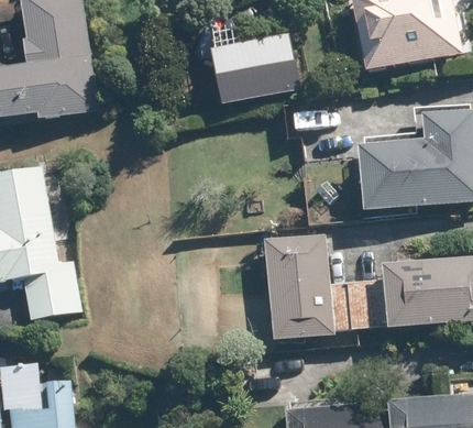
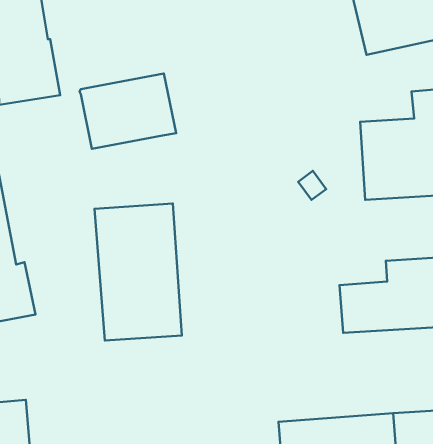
building: [209,36,296,105] -> [80,73,176,149]
building: none -> [94,204,182,340]
building: [272,234,352,337] -> none

